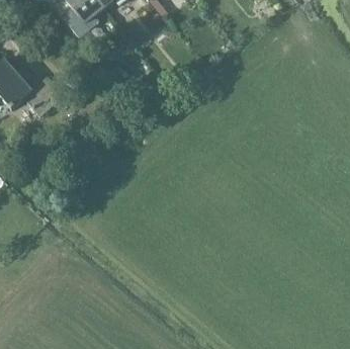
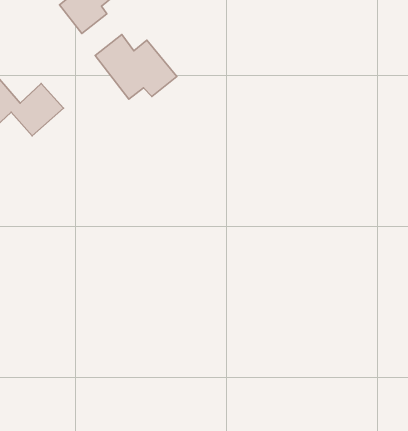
building: none -> [95,34,177,99]

